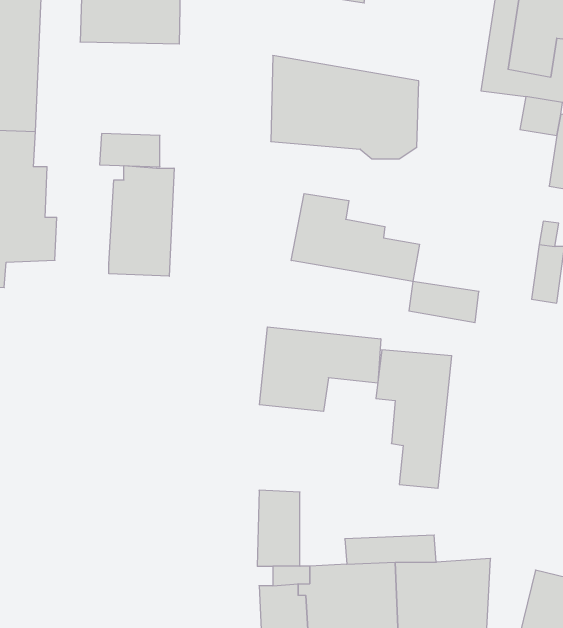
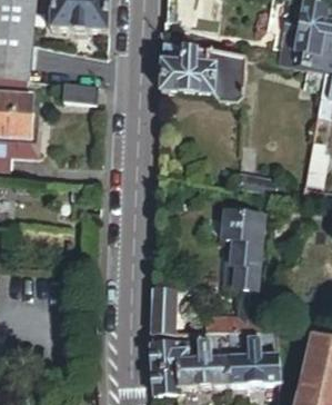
building: [109,166,174,276] -> none
building: [291,194,419,282] -> none
building: [259,327,381,411] -> none

